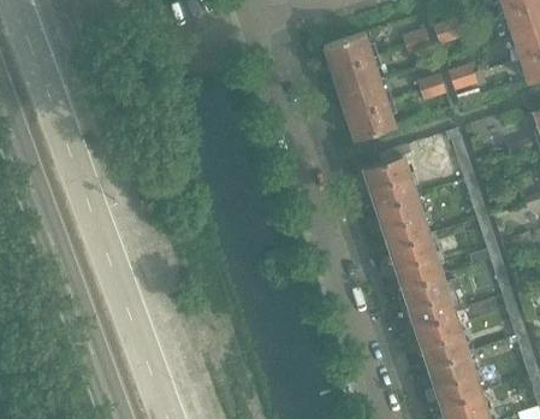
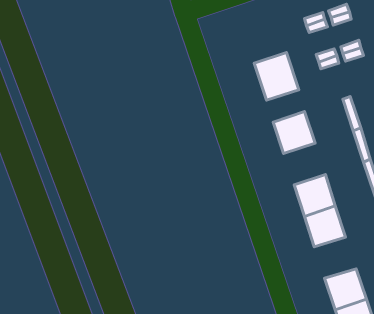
building: [324,33,380,93] -> none
building: [376,194,429,247] -> none
building: [415,313,468,365] -> none

